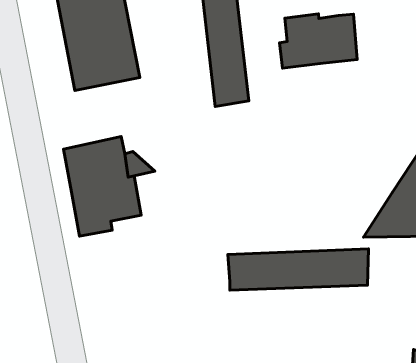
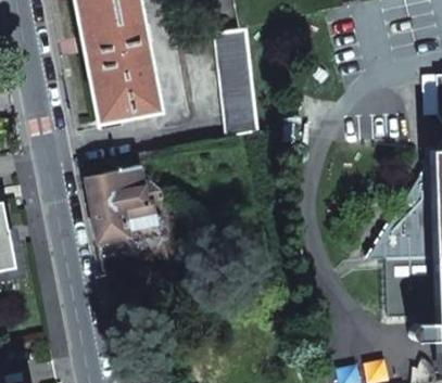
building: [280,14,357,68] -> none
building: [228,249,368,290] -> none

